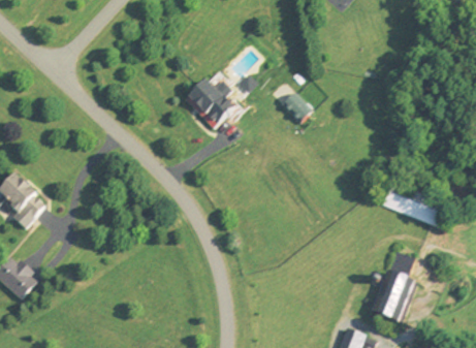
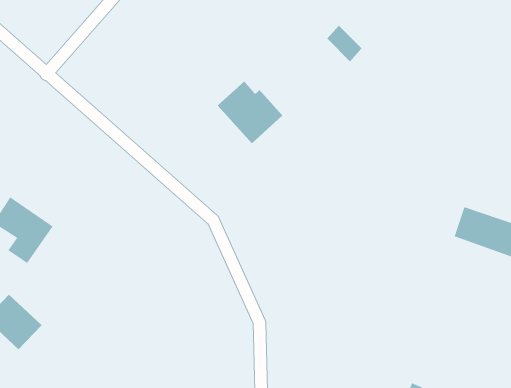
building: [282,92,312,123] -> [326,25,363,62]
building: [374,254,416,322] -> none

